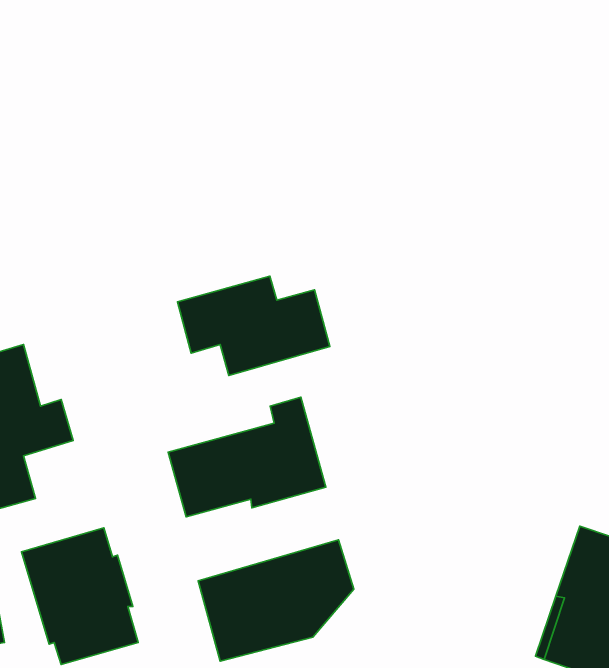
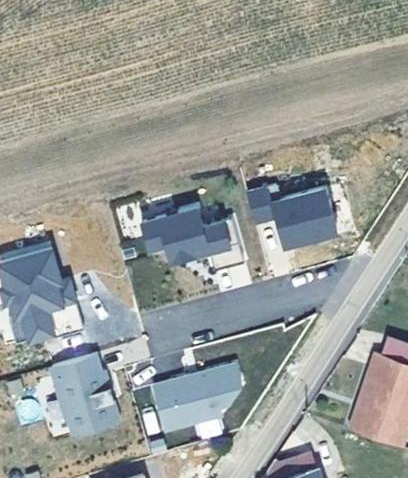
building: none -> [248,187,336,251]
building: [168,397,326,517] -> none

